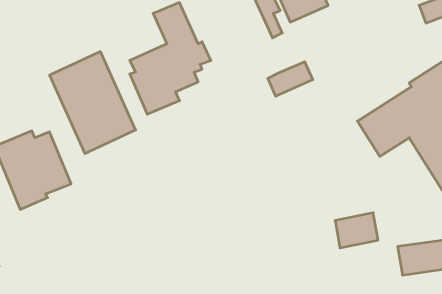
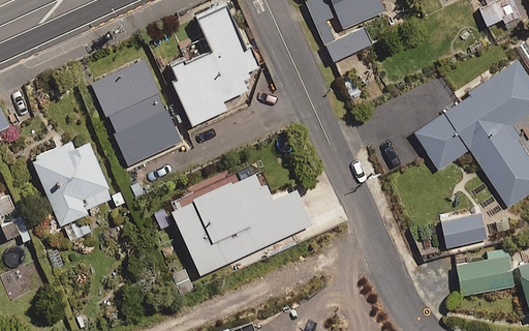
building: [268,62,313,96] -> [324,27,372,63]
building: none -> [170,170,311,275]
building: [335,213,378,248] -> [440,211,486,248]

